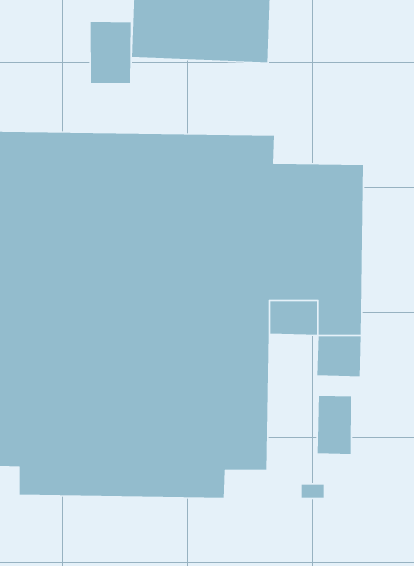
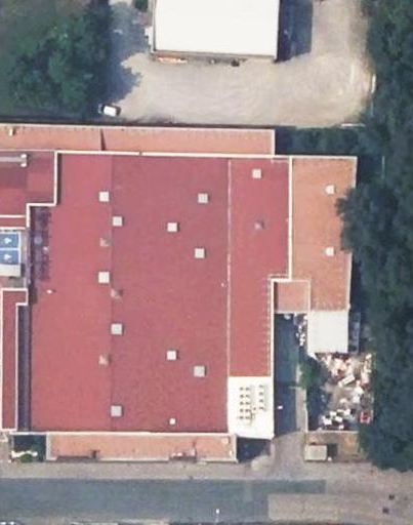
building: [90,21,132,84] -> none
building: [317,395,352,455] -> none

